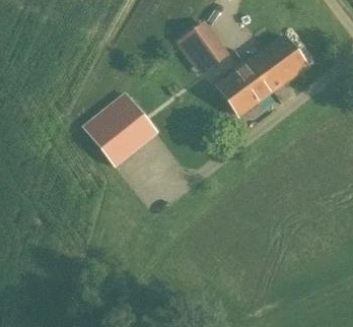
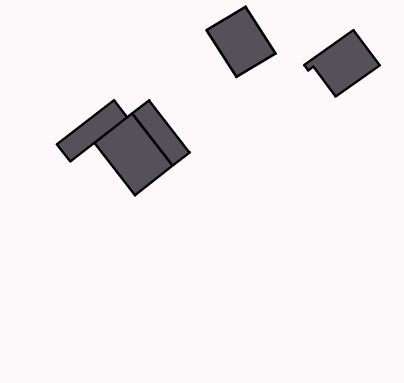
building: [218,65,272,114] -> none
building: none -> [57,100,127,161]

